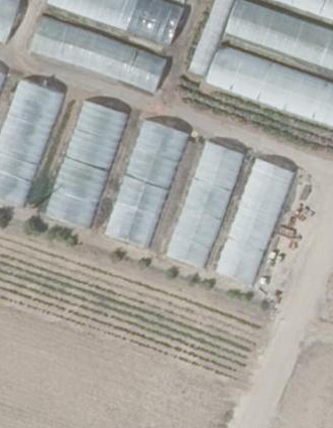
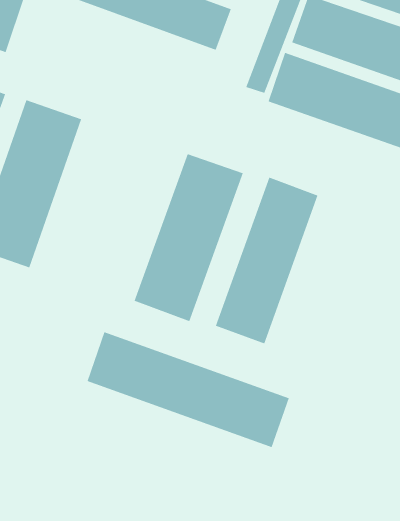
building: [28,15,163,92] -> none
building: [44,100,128,230] -> none
building: [216,158,294,286] -> none
building: none -> [86,331,290,448]

